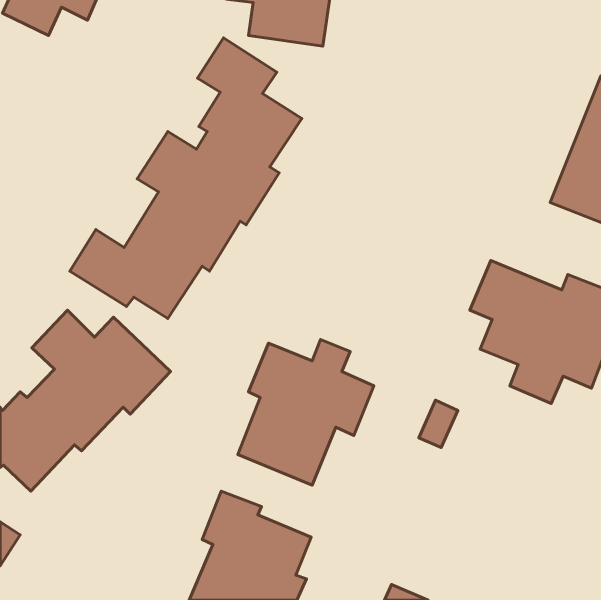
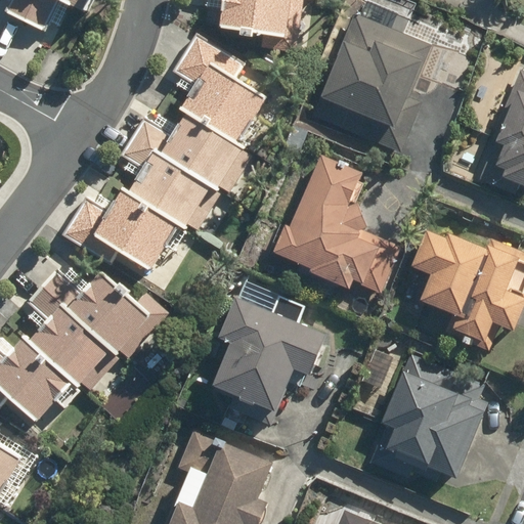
building: none -> [312,11,436,156]
building: none -> [262,151,404,299]
building: none -> [368,350,492,486]

